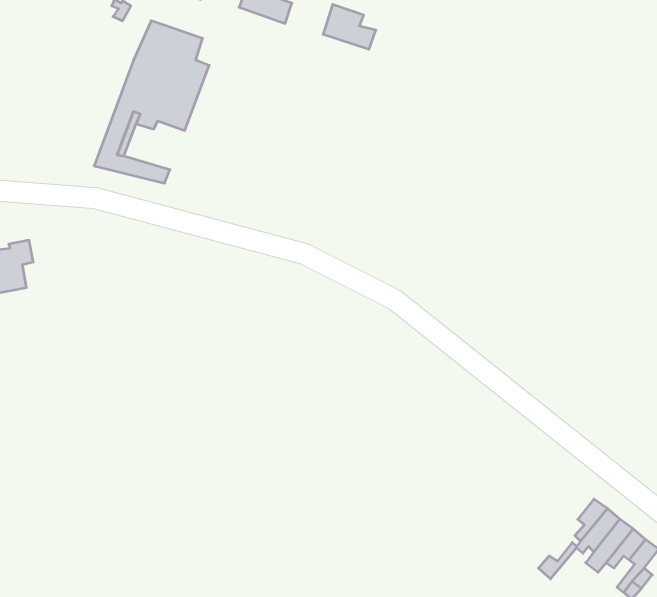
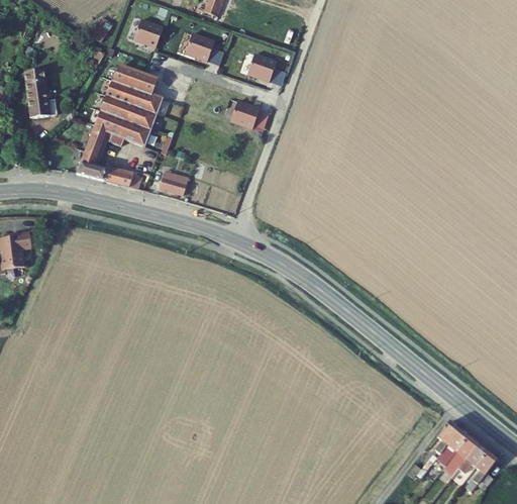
building: none -> [24,70,56,118]
building: none -> [230,101,269,131]
building: none -> [159,167,187,195]

